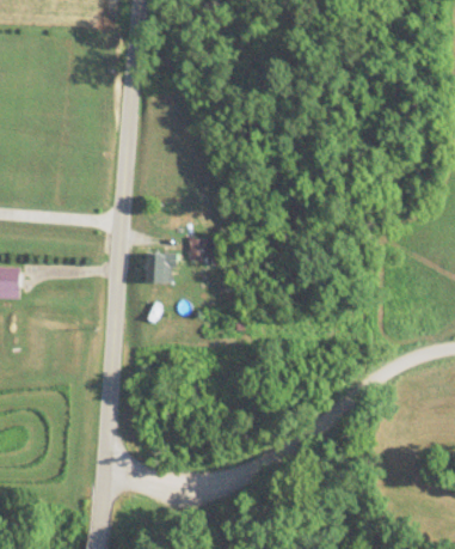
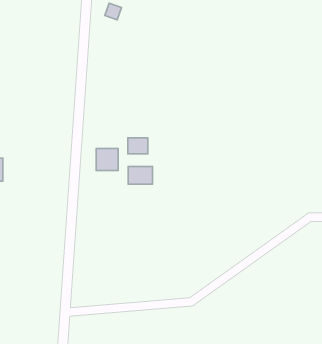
building: none -> [128,166,153,184]

